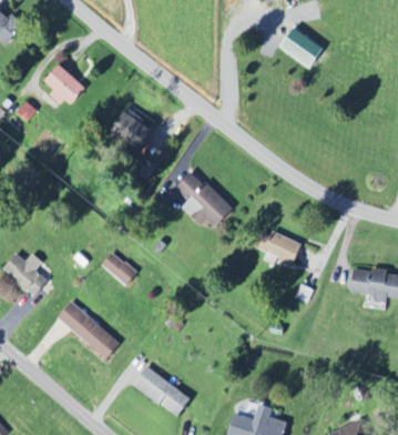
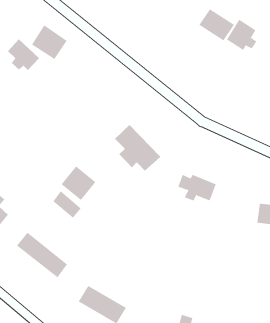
building: none -> [226,19,257,51]
building: [110,107,154,150] -> [31,25,67,60]
building: none -> [61,166,96,201]

